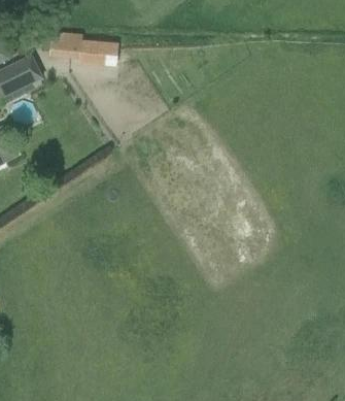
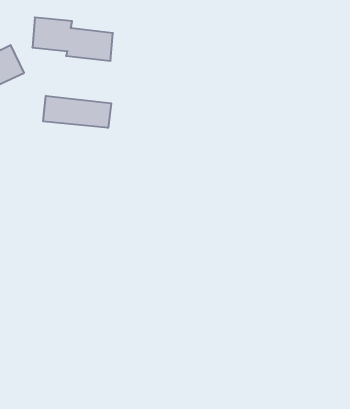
building: none -> [43,96,111,128]

